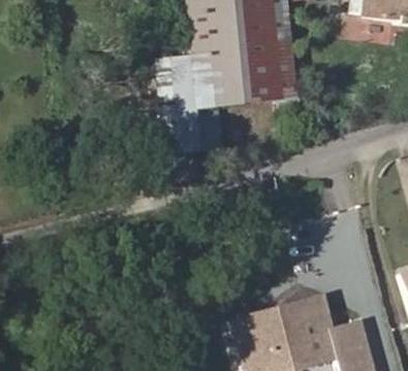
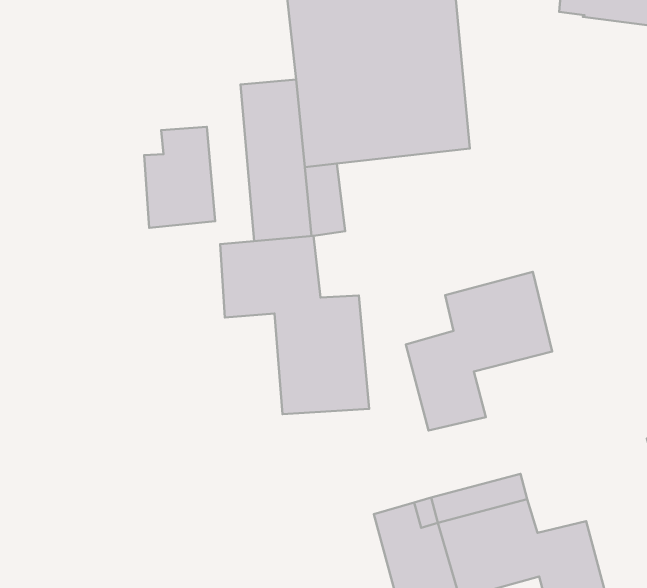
building: none -> [144,127,215,228]
building: none -> [220,236,369,414]
building: none -> [406,272,552,430]

